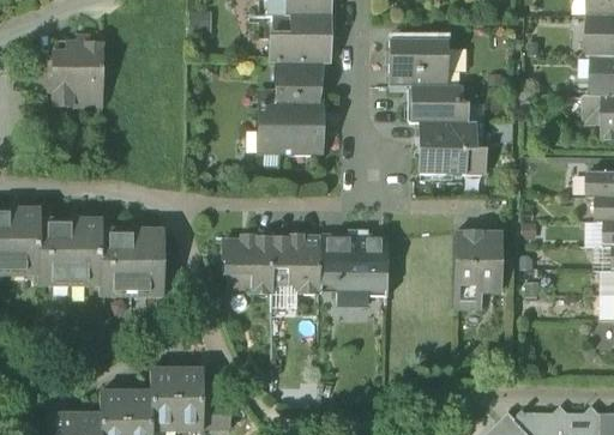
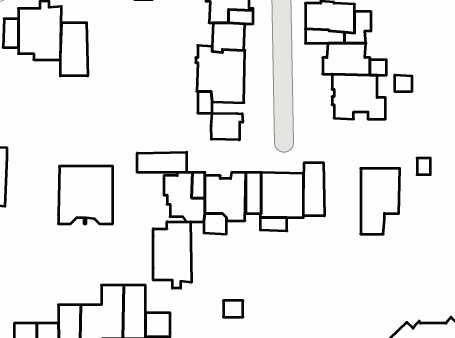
building: none -> [60,23,88,76]
building: none -> [211,113,243,140]
building: none -> [137,152,187,172]
building: [38,218,103,285] -> none
building: none -> [303,163,324,216]
building: none -> [153,222,191,288]

